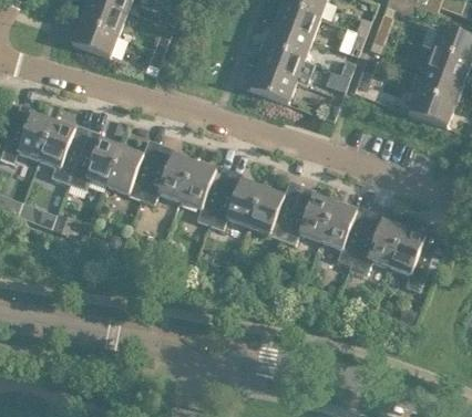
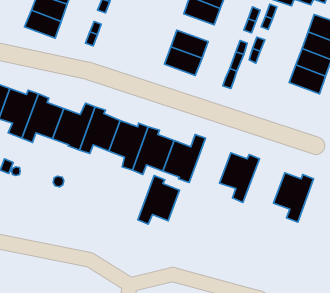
building: [264,25,311,61] -> none
building: [279,184,332,246] -> [138,176,180,224]
building: [348,210,401,270] -> none

